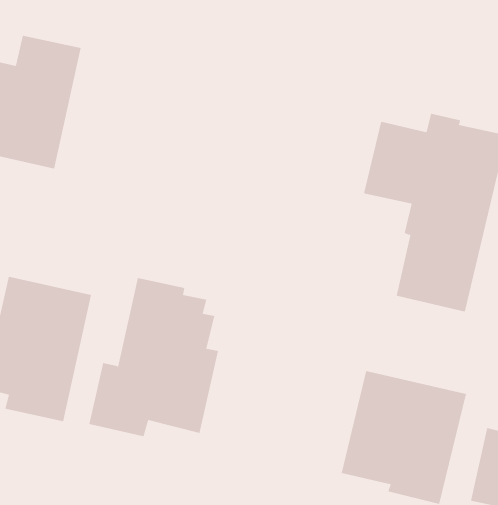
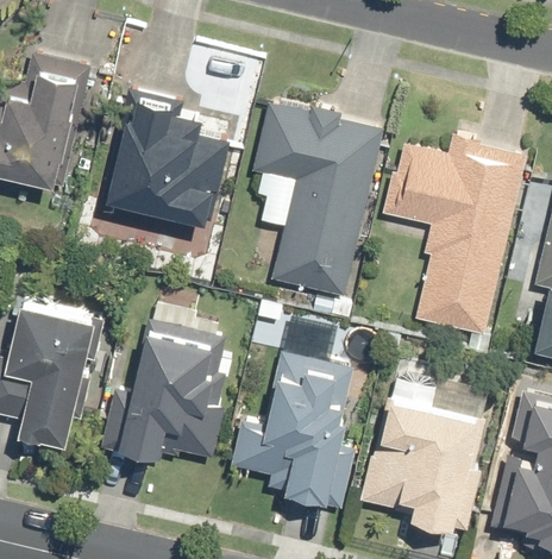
building: none -> [104,92,231,226]
building: none -> [250,105,384,300]
building: none -> [231,352,356,505]

